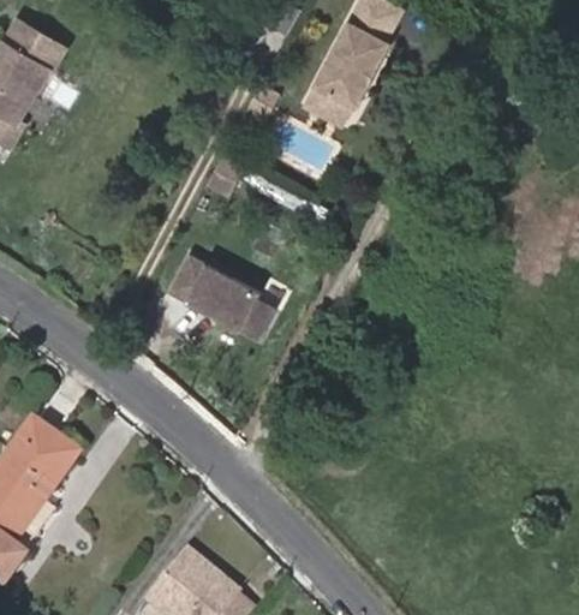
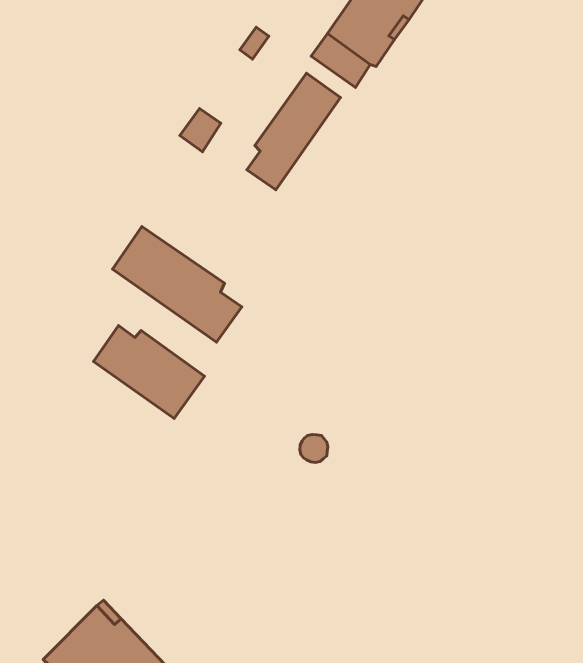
building: none -> [247,73,340,190]
building: none -> [93,326,204,418]

